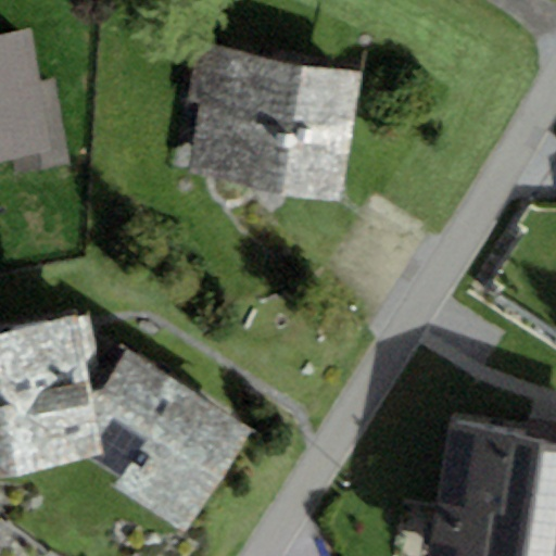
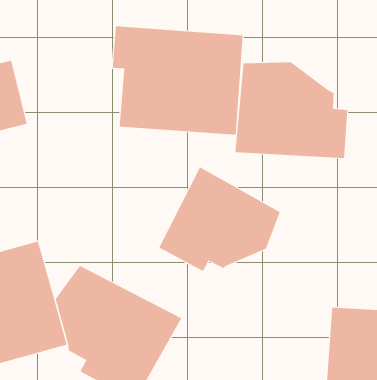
building: none -> [235,62,348,159]
building: none -> [158,167,281,272]

